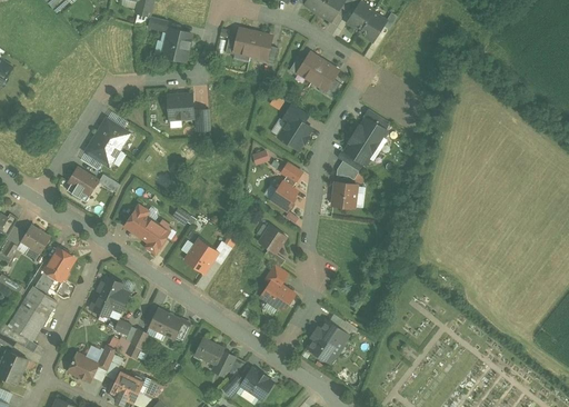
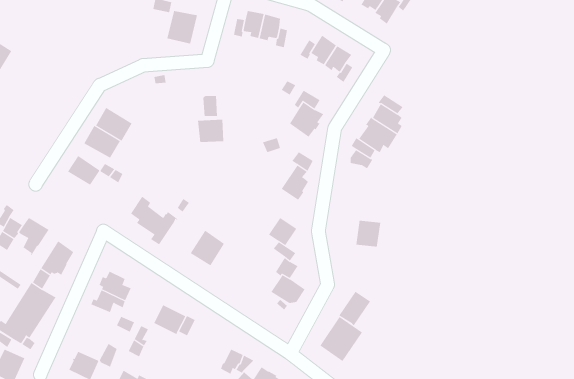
building: [167,95,192,117] -> [197,119,224,143]
building: [331,181,356,207] -> [355,220,381,247]
building: none -> [338,291,371,326]
building: [193,337,223,364] -> none

